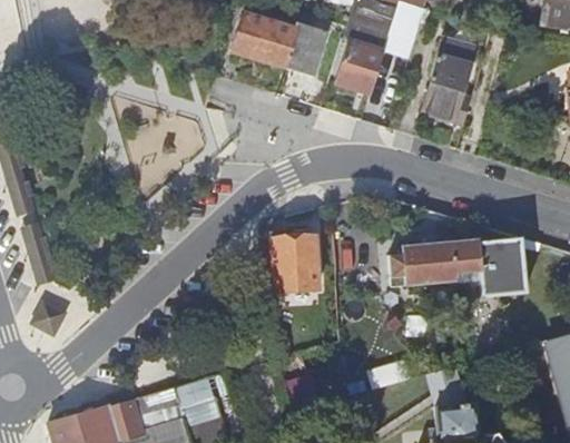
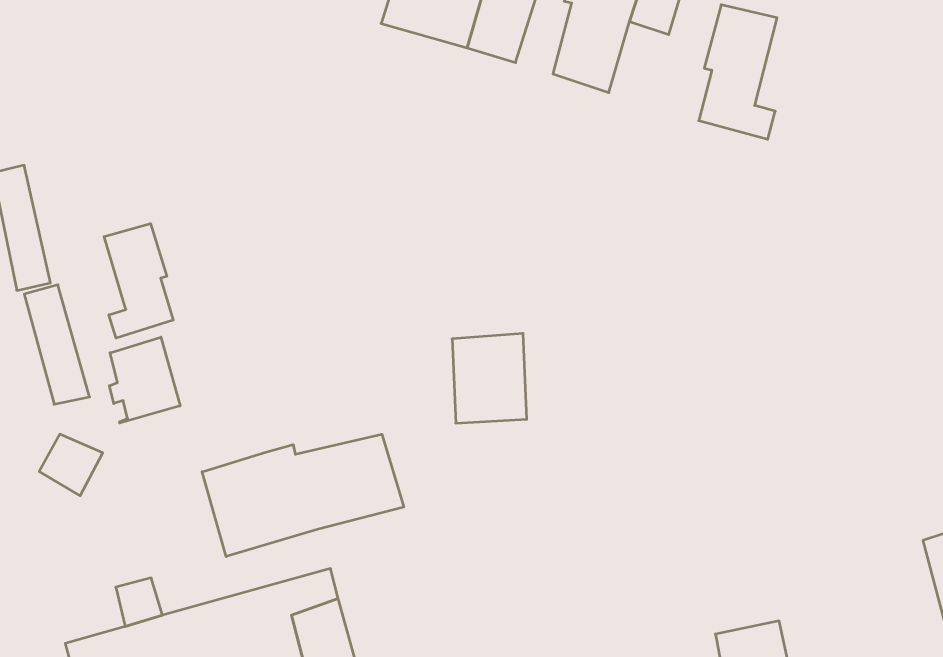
building: none -> [104,224,173,338]
building: [395,236,531,294] -> none
building: none -> [109,337,180,423]
building: none -> [202,434,404,557]

